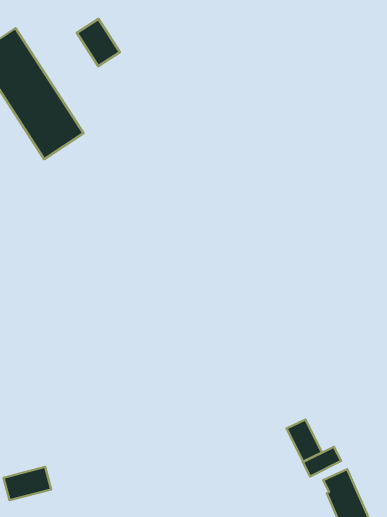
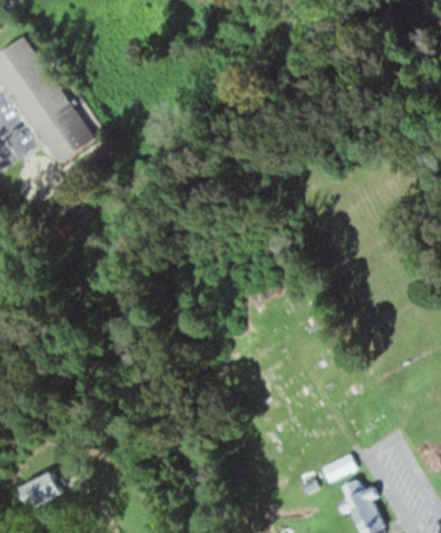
building: [77,19,120,66] -> none
building: [287,419,322,462] -> none

